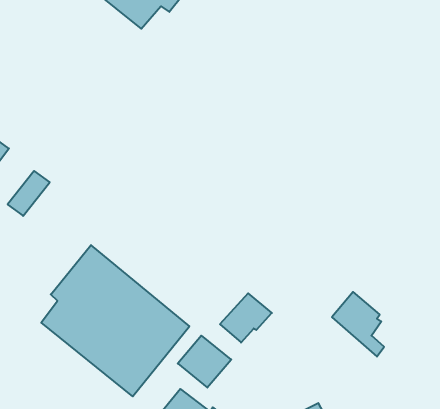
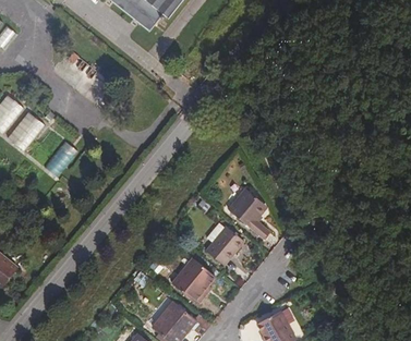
building: [41,245,189,396] -> none
building: [332,292,384,357] -> [233,196,274,246]

